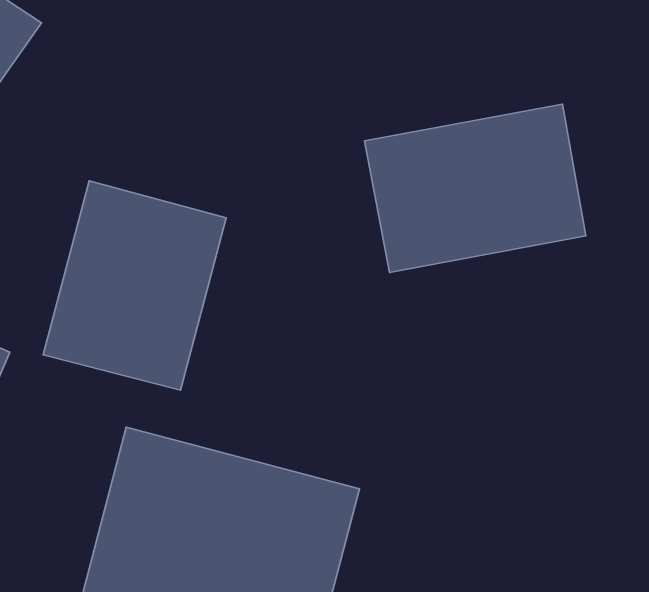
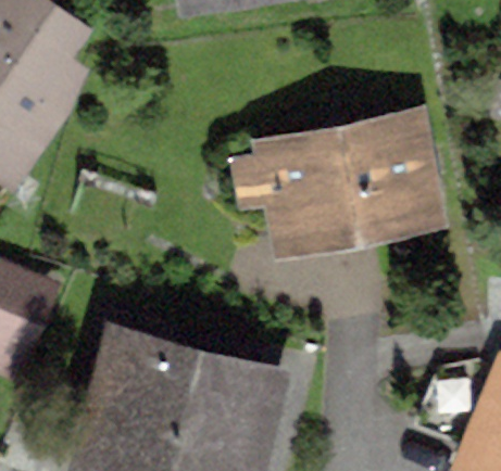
building: [43,181,226,390] -> none

